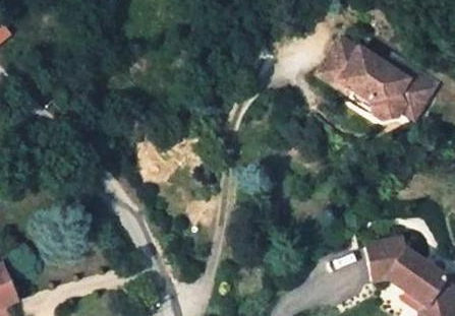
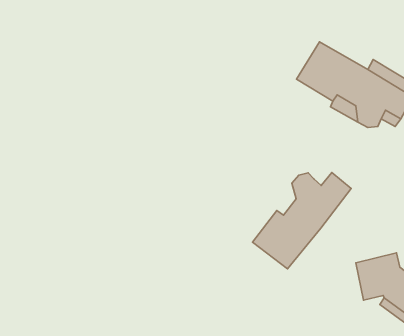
building: none -> [252,172,351,269]

